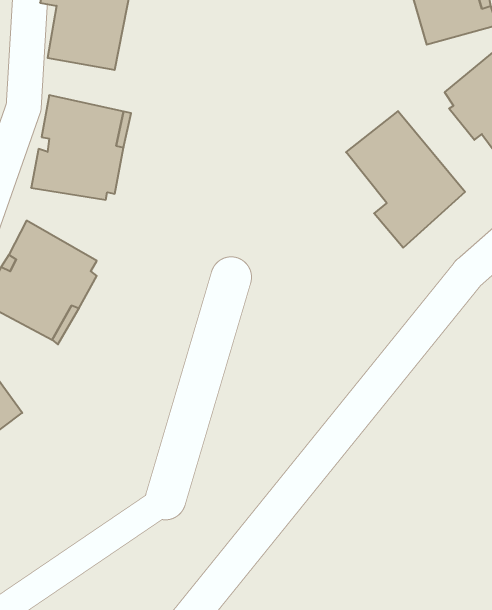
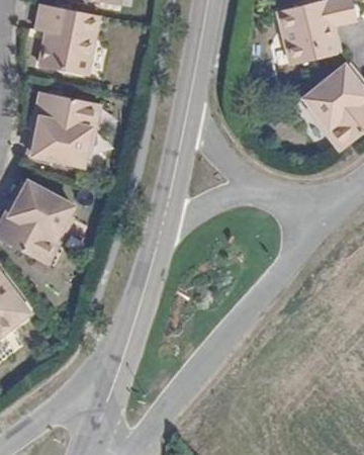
building: [346,111,465,248] -> none

